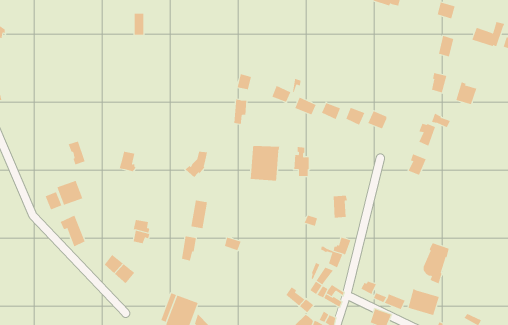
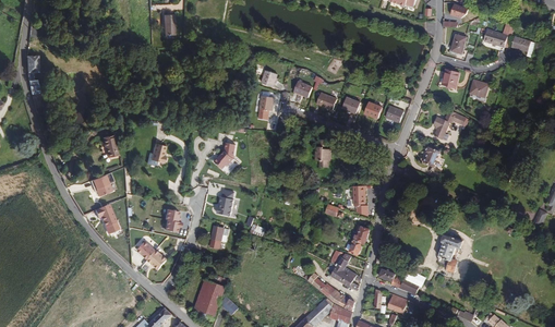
building: [250,145,280,182] -> none
building: [408,288,439,316] -> none

